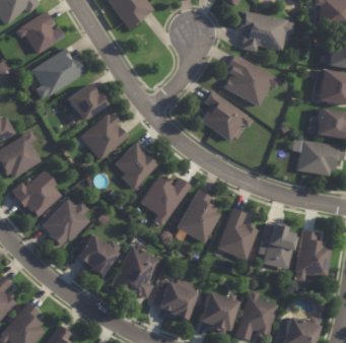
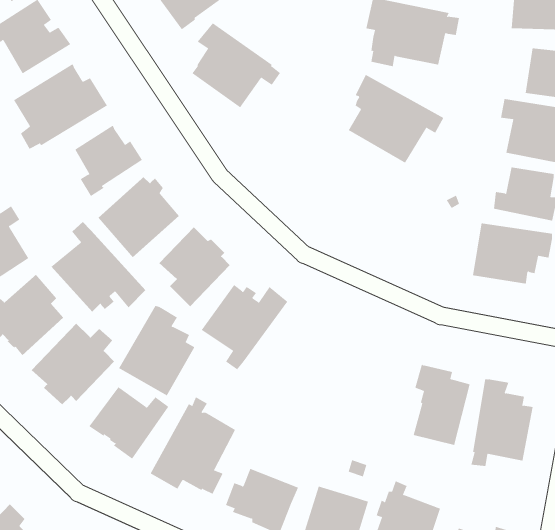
building: [201,90,253,140] -> [192,22,281,108]
building: none -> [51,221,146,312]
building: [177,190,221,243] -> [118,305,195,396]
building: [217,208,258,259] -> none

